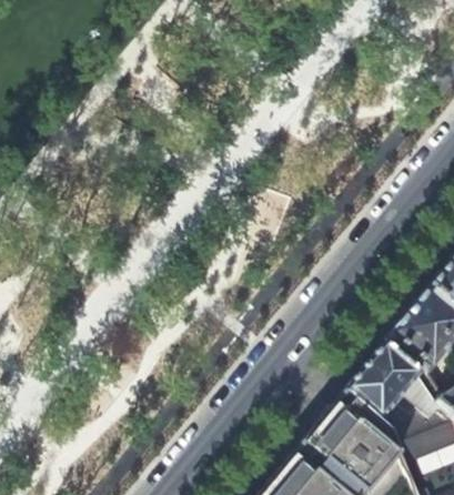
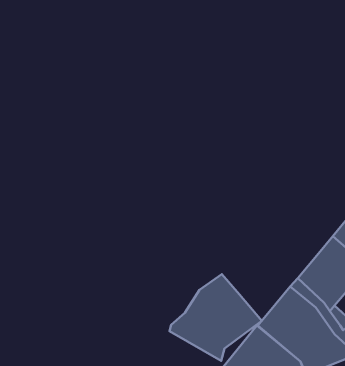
building: none -> [169,274,262,361]

